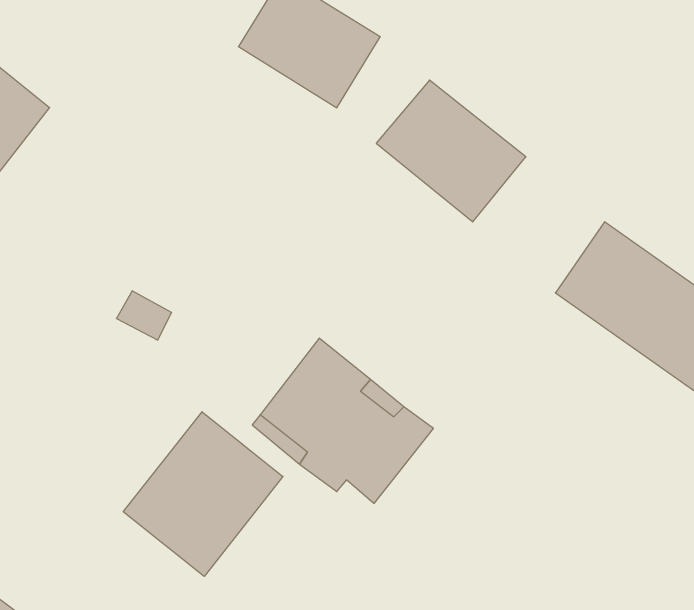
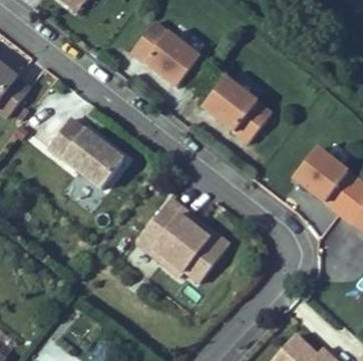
building: none -> [46,115,121,185]
building: [123,412,283,576] -> none

